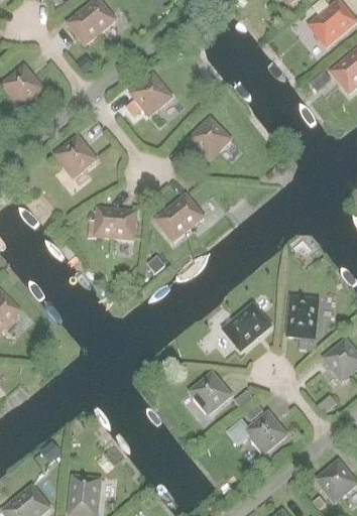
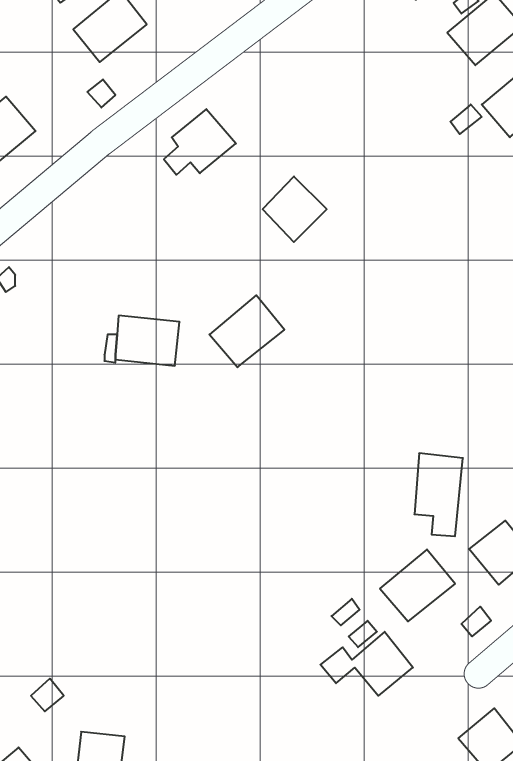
building: [54,135,96,176] -> none
building: [223,302,271,349] -> [380,549,455,621]
building: [190,372,231,413] -> none

